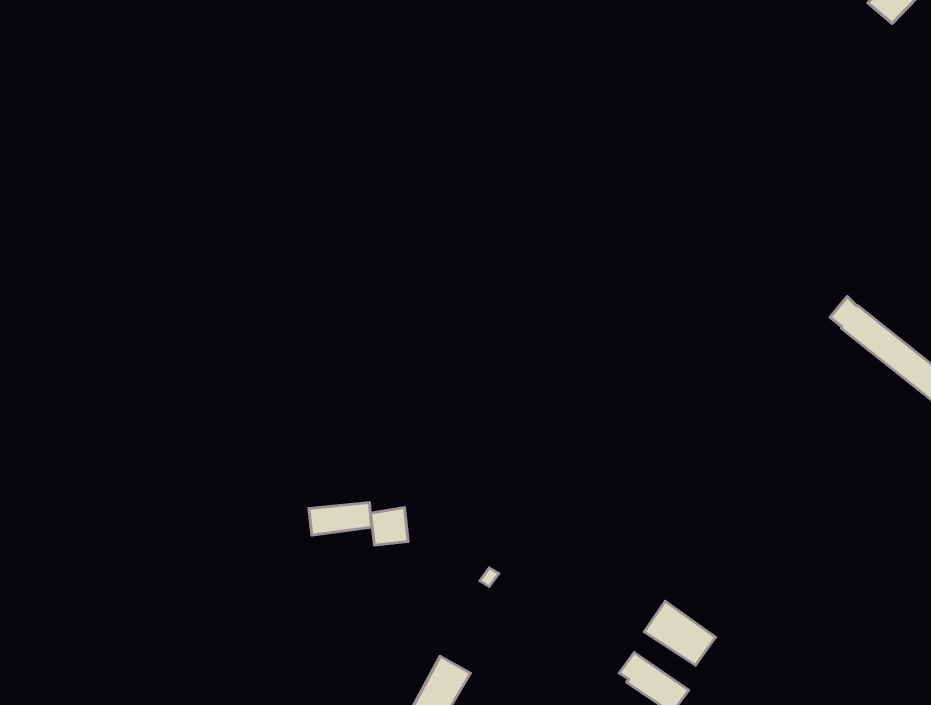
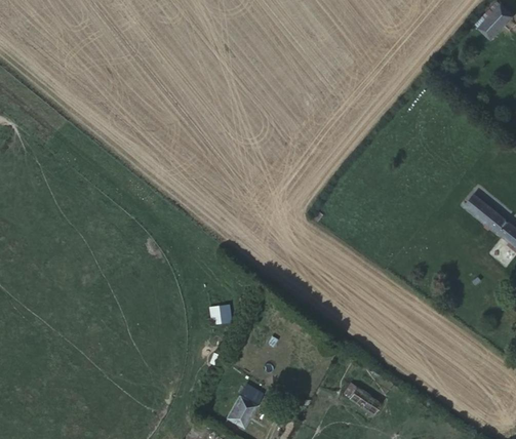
building: [309,503,372,535] -> none
building: [644,601,716,665] -> none

